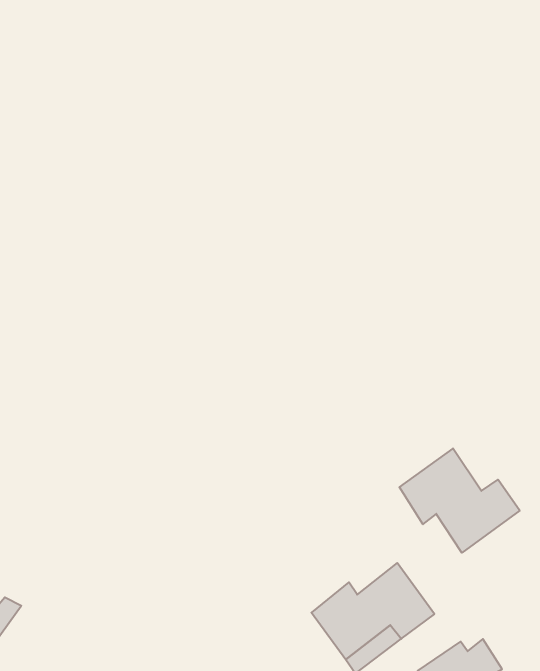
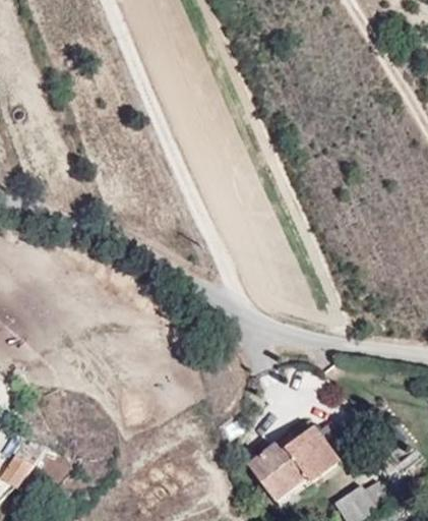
building: [399,448,520,553] -> none

